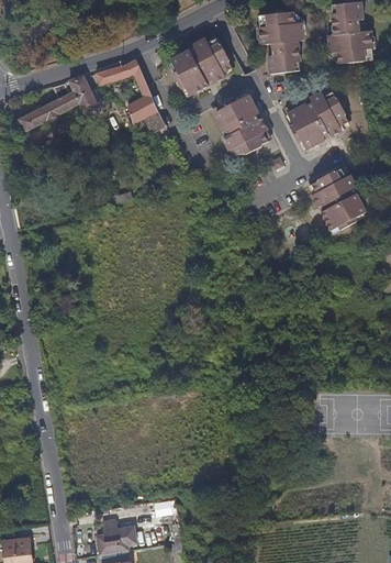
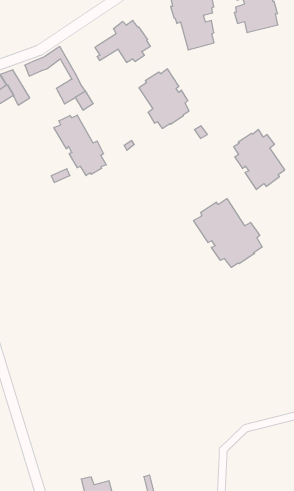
building: [176,67,206,95] -> none
building: [287,95,346,151] -> none
building: none -> [54,115,106,176]
building: none -> [194,199,262,267]

